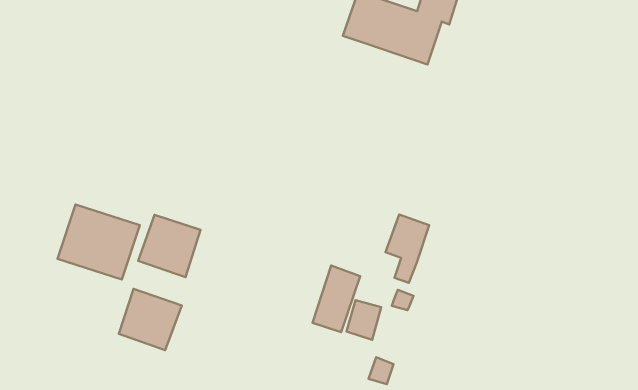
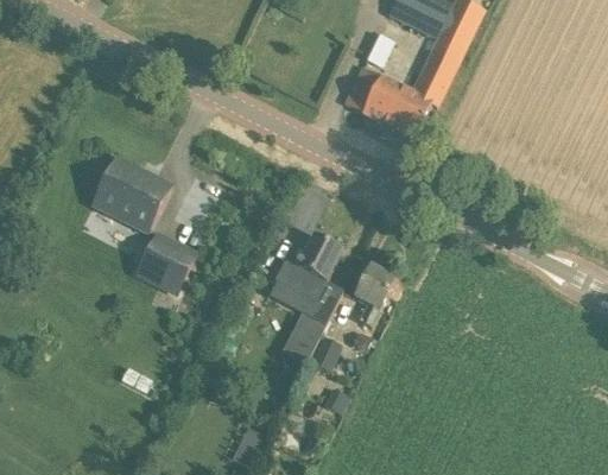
building: none -> [283,236,340,299]
building: [57,204,140,280] -> [93,159,169,230]
building: [119,289,182,350] -> none

